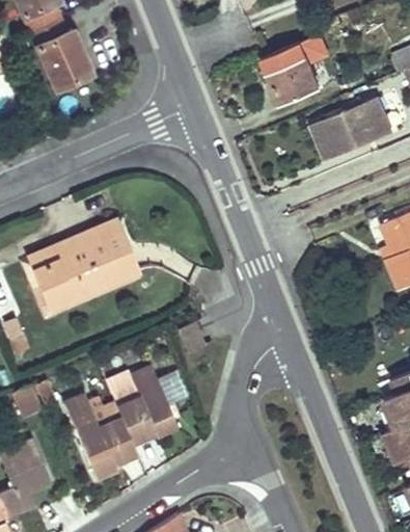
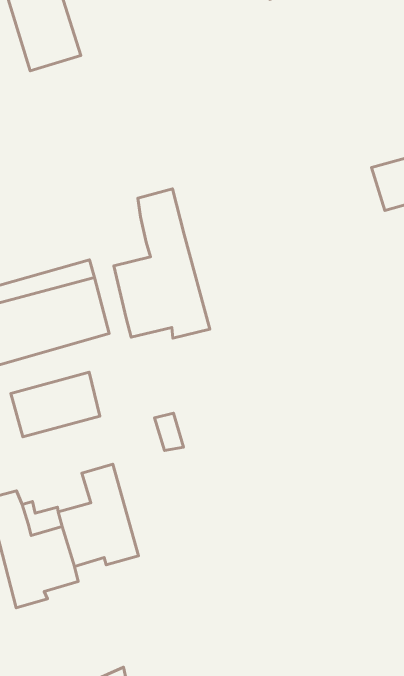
building: [263,43,320,106] -> none
building: none -> [114,189,210,338]
building: none -> [11,372,100,437]

